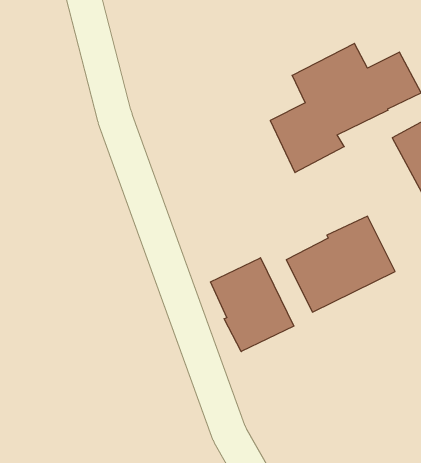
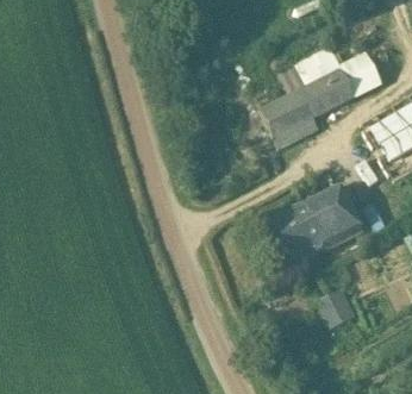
building: [210,258,294,352] -> none
building: none -> [314,287,355,330]

